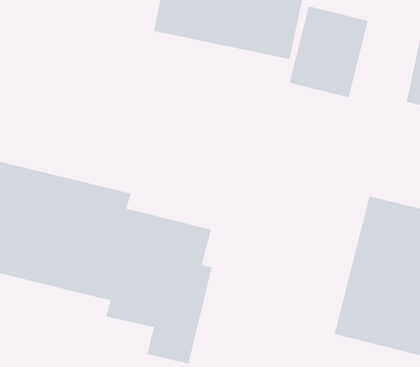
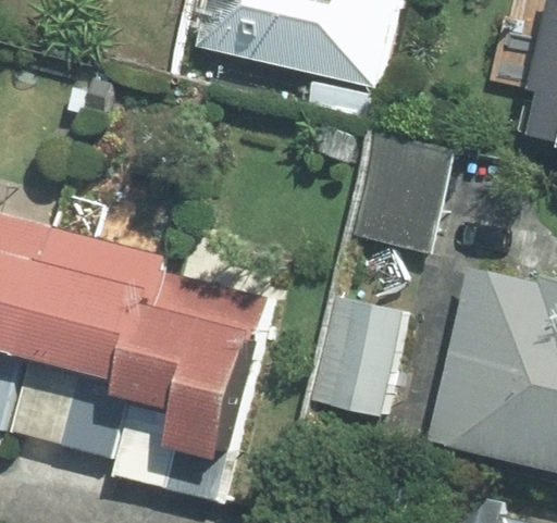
building: [289,6,368,98] -> [350,129,454,249]
building: none -> [307,282,404,418]

